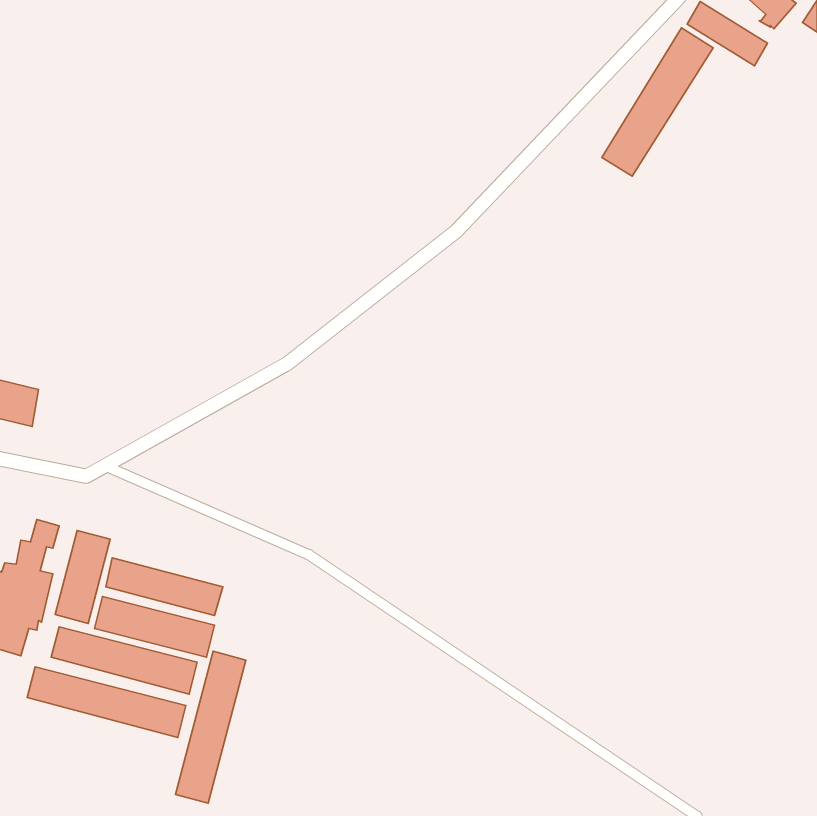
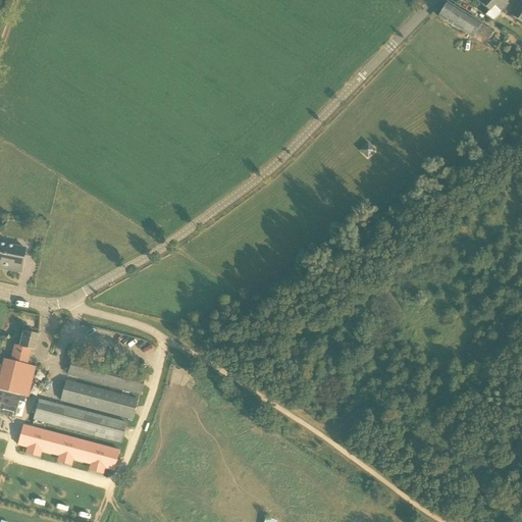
building: [602,28,713,176] -> none
building: [55,531,110,623] -> none
building: [175,651,246,803] -> none

